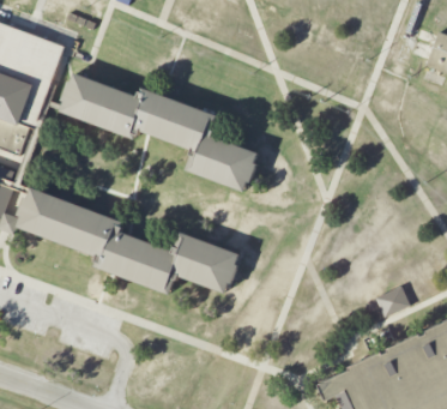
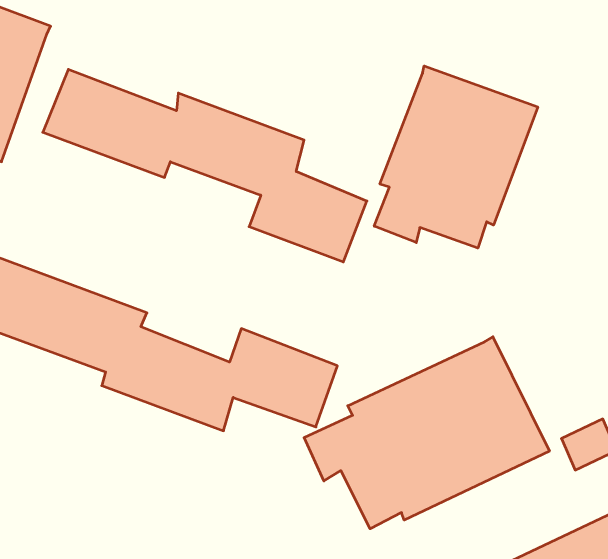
building: none -> [374,66,538,248]
building: none -> [304,337,549,529]

